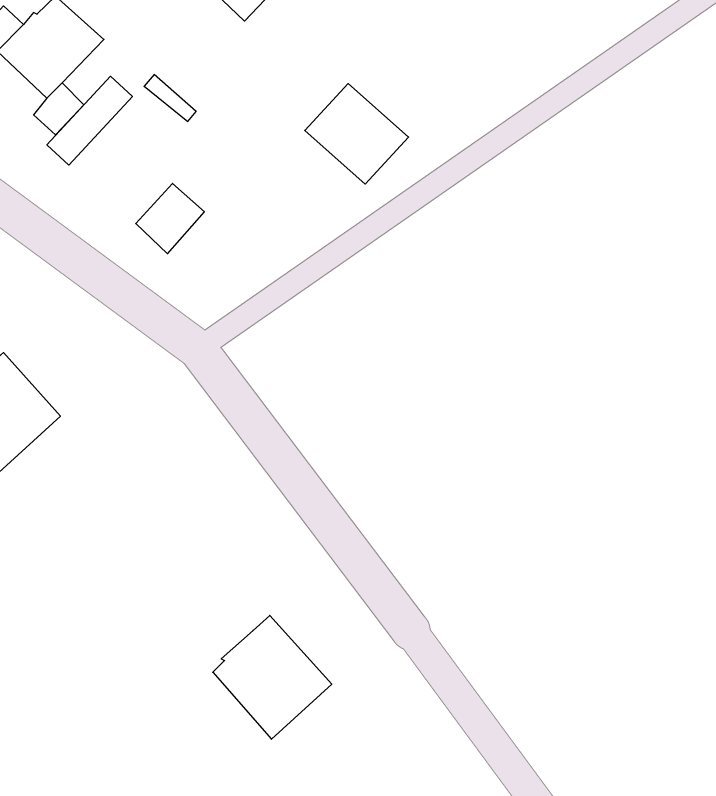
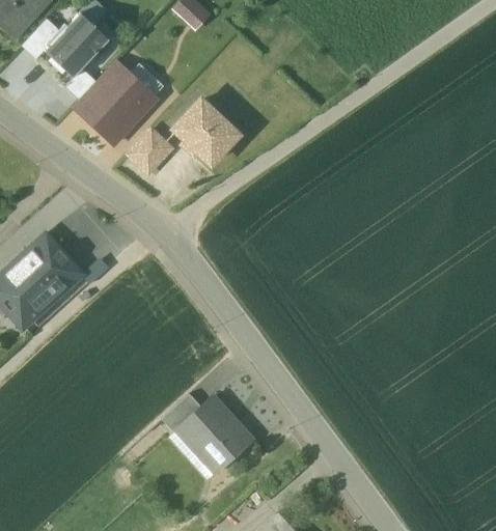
building: [305,84,409,184] -> [175,101,240,163]
building: none -> [88,73,158,144]
building: none -> [162,393,202,434]

